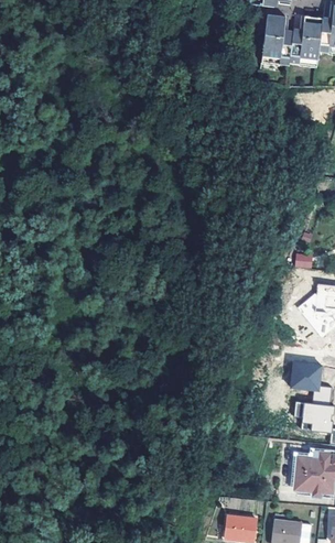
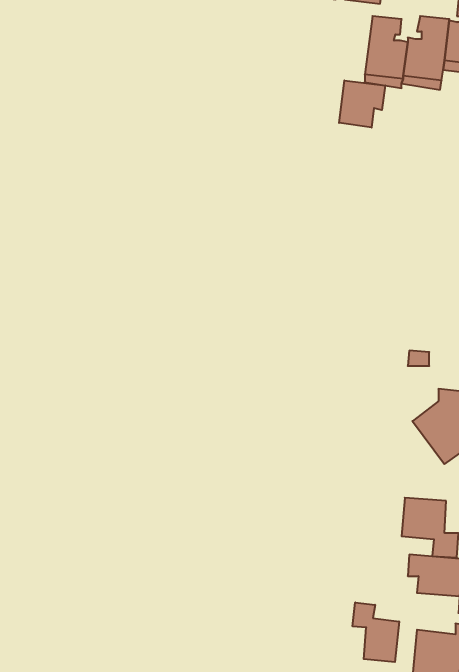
building: none -> [339,80,385,128]
building: none -> [353,602,399,662]

